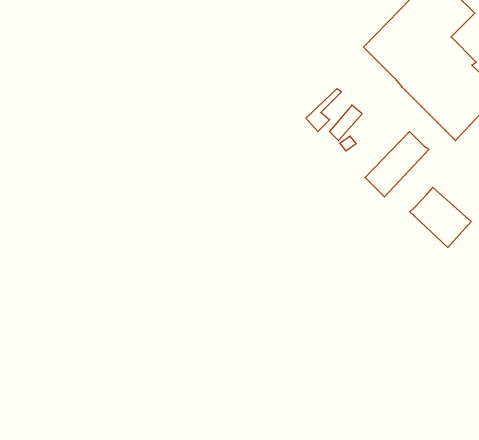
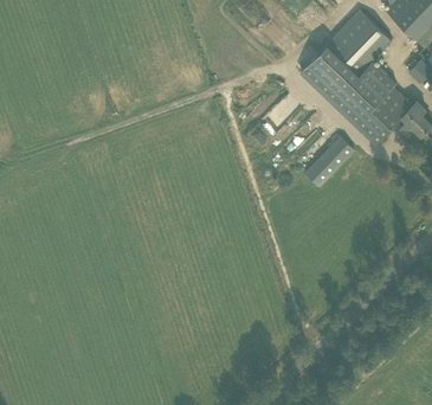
building: [410,187,471,247] -> none

